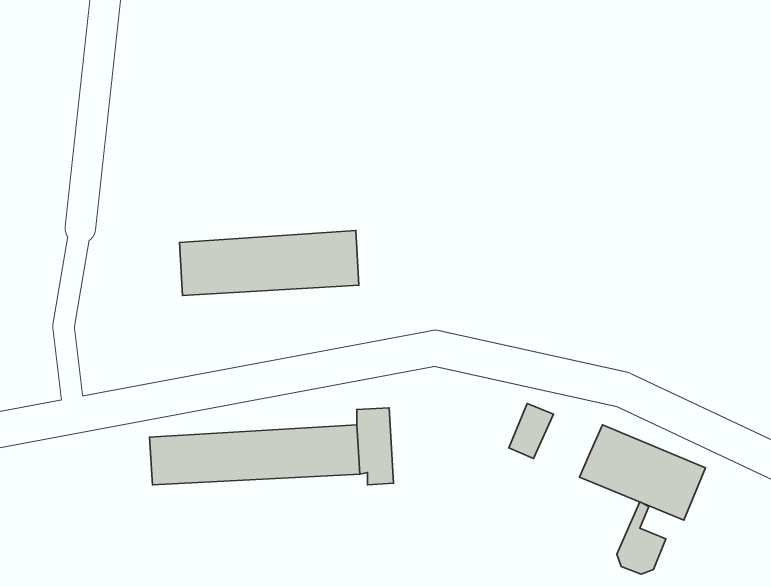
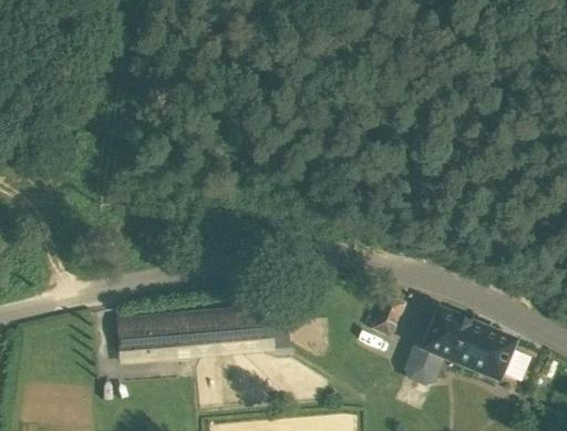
building: [179,230,359,295] -> none
building: [617,502,666,574] -> [408,331,443,383]

